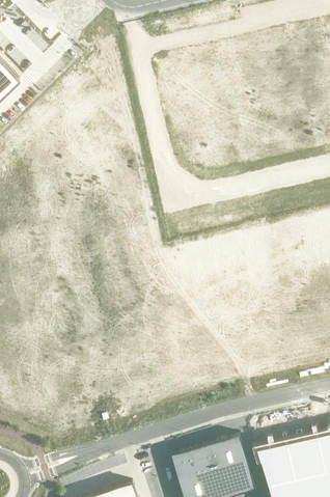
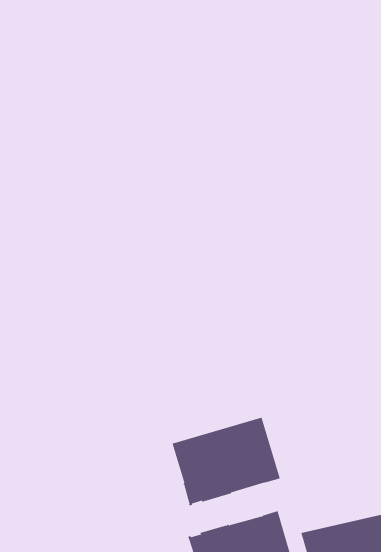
building: none -> [172,417,280,506]

